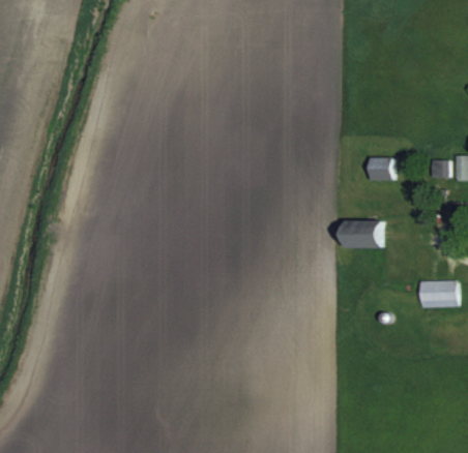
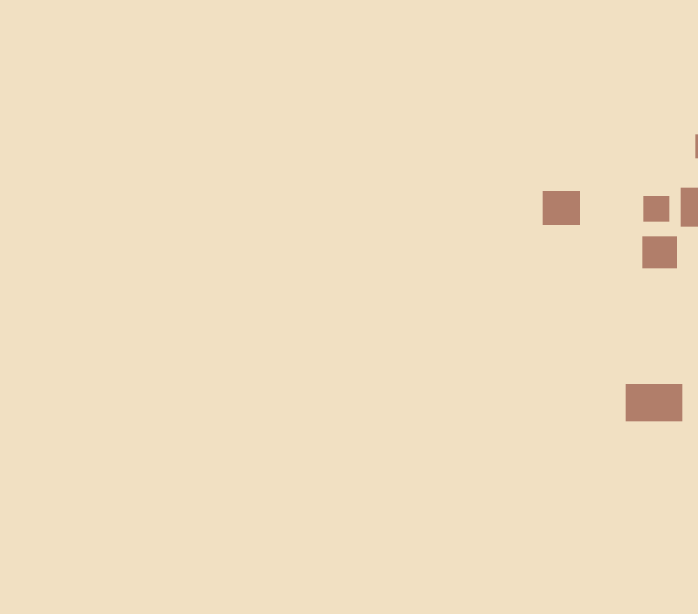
building: none -> [641,235,678,269]
building: [347,220,384,248] -> none

